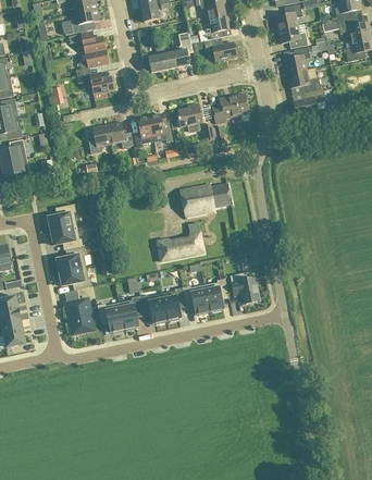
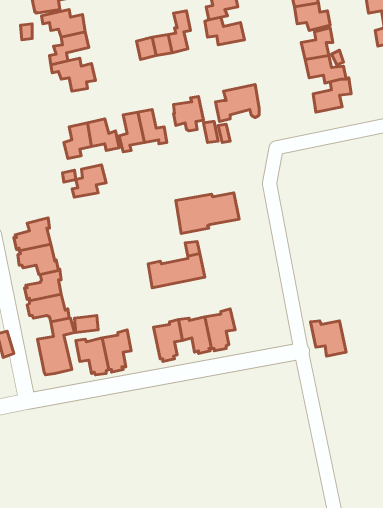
building: none -> [72,165,106,197]
building: [230,273,259,303] -> [311,321,346,356]
building: [139,293,166,323] -> none

